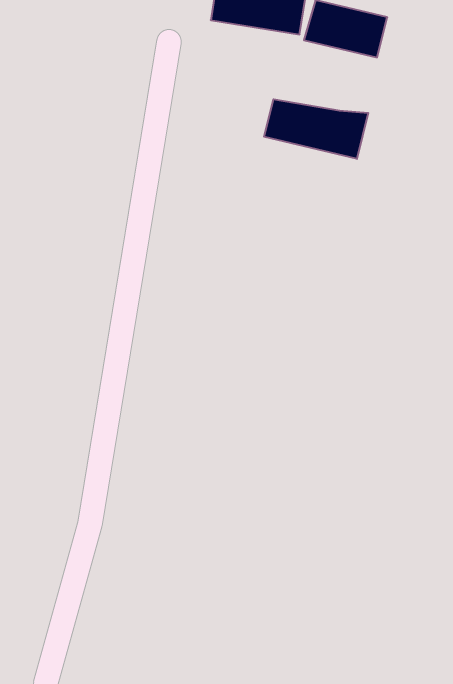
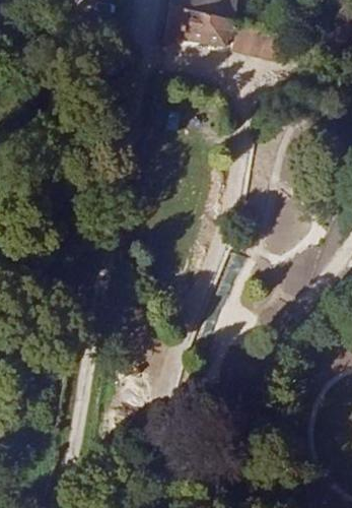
building: [264,99,368,159] -> none

